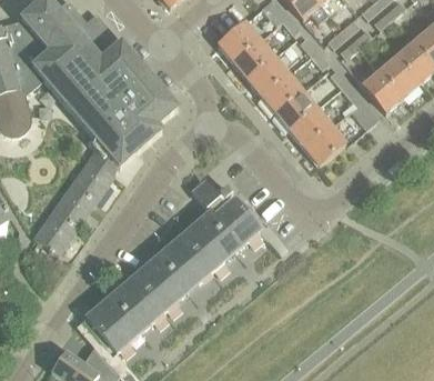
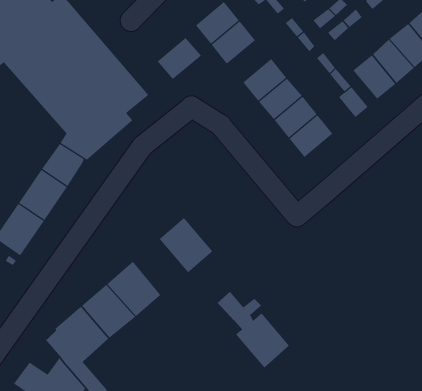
building: [246,57,287,96] -> [157,37,202,80]
building: [191,179,258,250] -> [217,291,290,368]
building: [161,239,211,290] -> none

